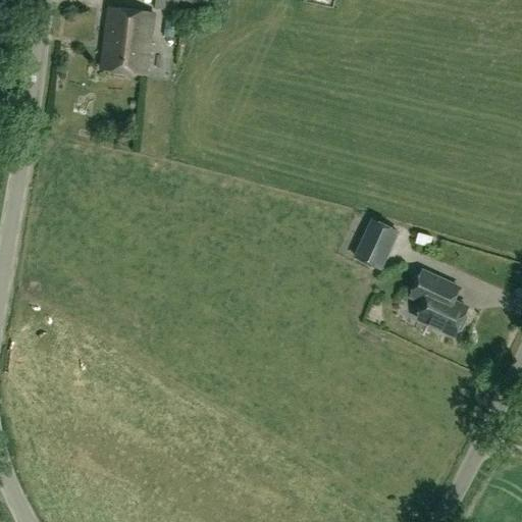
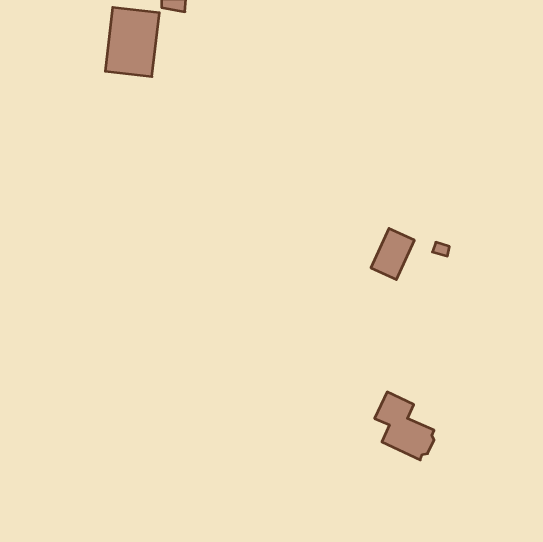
building: [411,270,468,335] -> [375,392,434,460]

